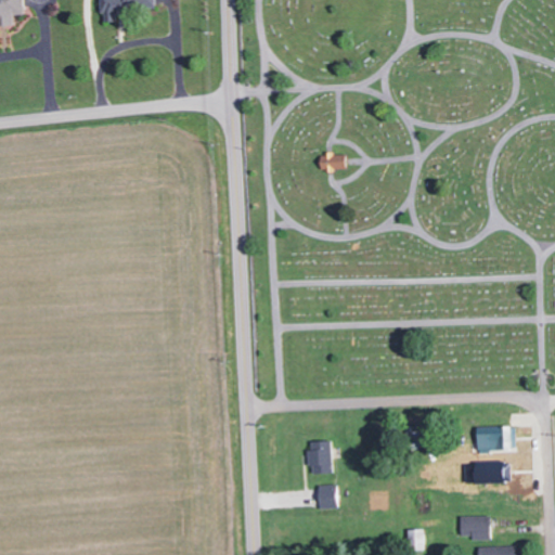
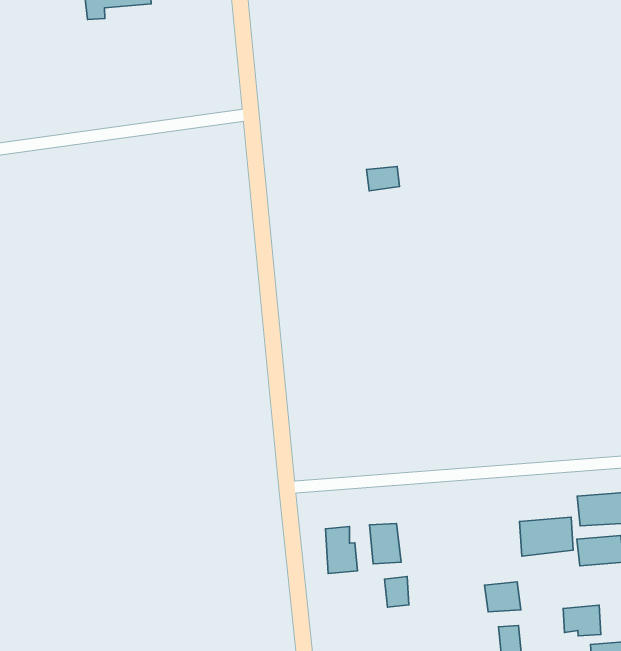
building: none -> [326,527,357,573]
building: none -> [519,517,573,556]
building: none -> [485,582,521,612]

